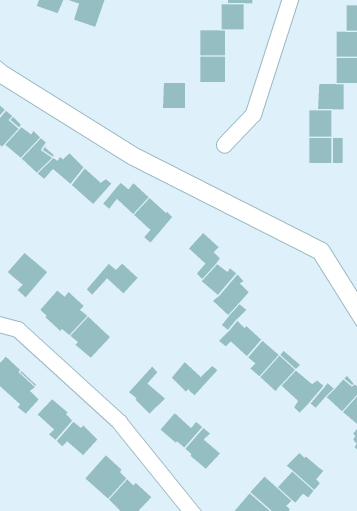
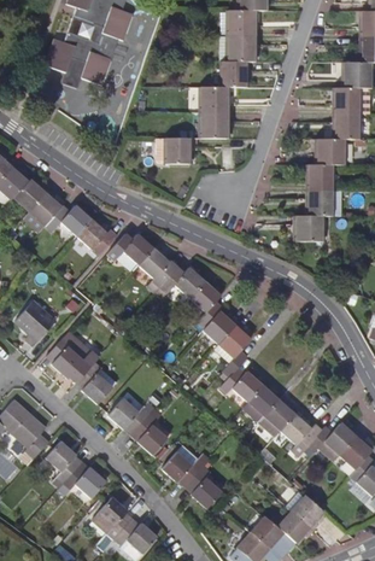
building: none -> [295,215,321,240]
building: [86,263,138,295] -> [156,267,206,298]
building: [171,361,218,396] -> [111,402,157,436]

